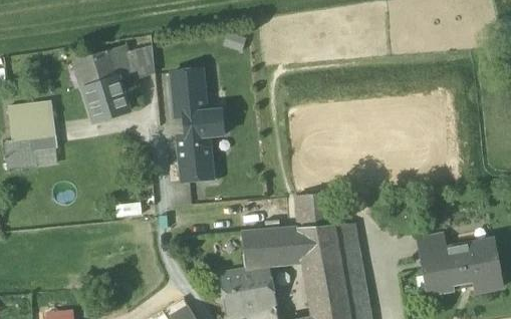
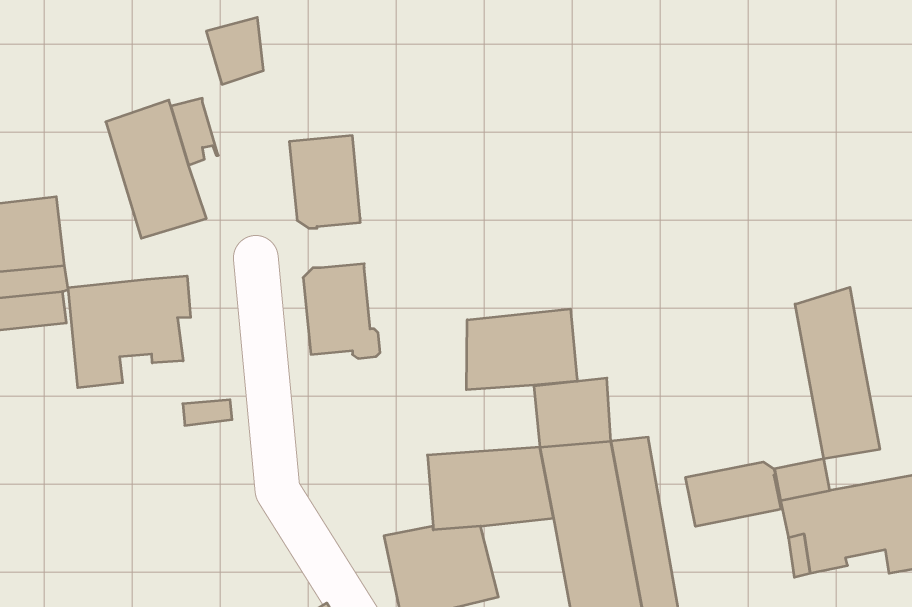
building: [125,45,155,79] -> [206,17,263,84]
building: [184,109,224,136] -> none
building: none -> [68,276,191,388]
building: none -> [795,287,880,459]
building: none -> [466,309,577,390]
building: none -> [686,462,781,526]

